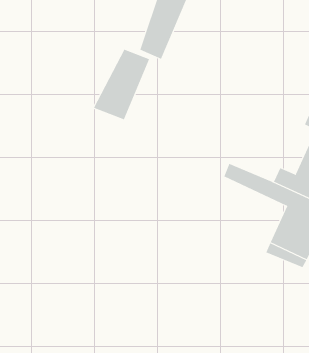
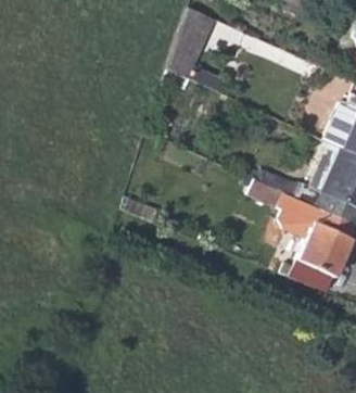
building: [93,49,150,120] -> none

